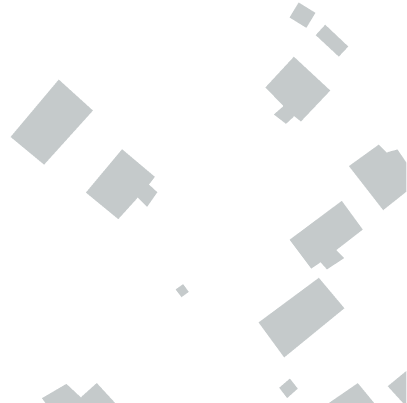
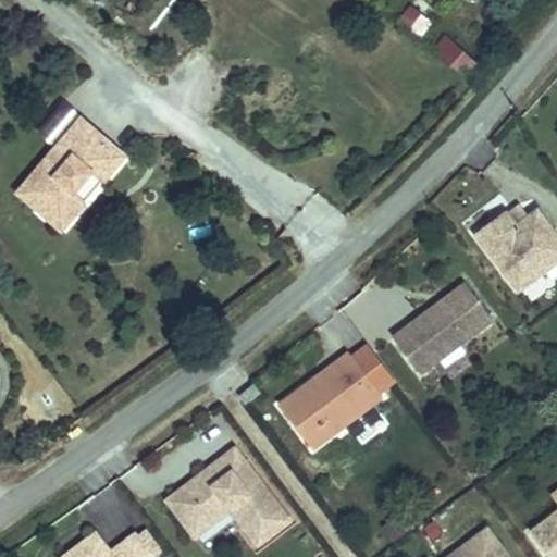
building: [264,56,331,125] -> none
building: [85,148,158,220] -> none
building: [257,277,346,358] -> [277,344,397,455]
building: none -> [162,444,295,548]

